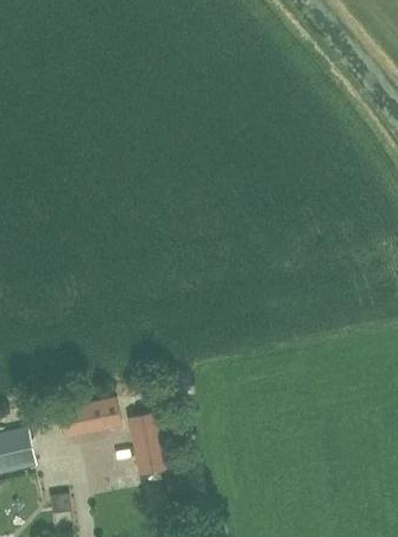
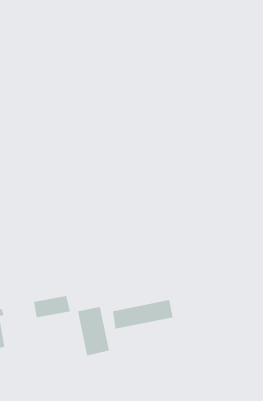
building: none -> [112,299,174,330]

